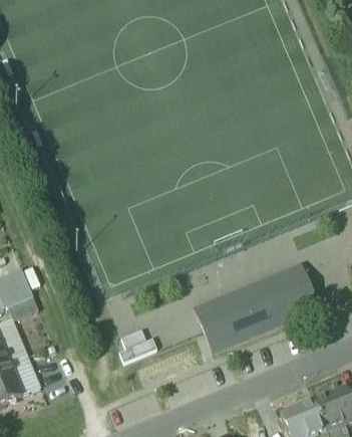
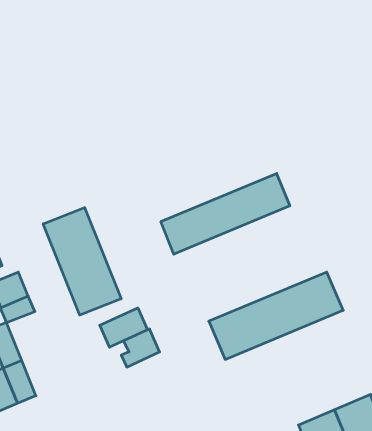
building: none -> [161,173,290,254]
building: none -> [43,208,121,315]
building: none -> [100,308,148,347]

